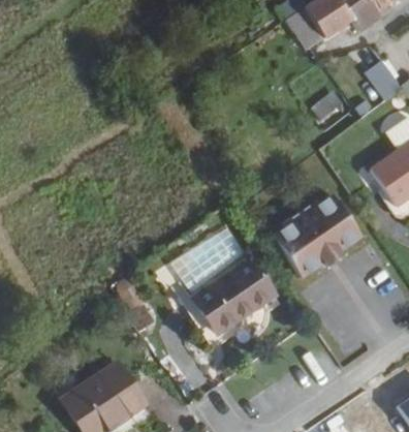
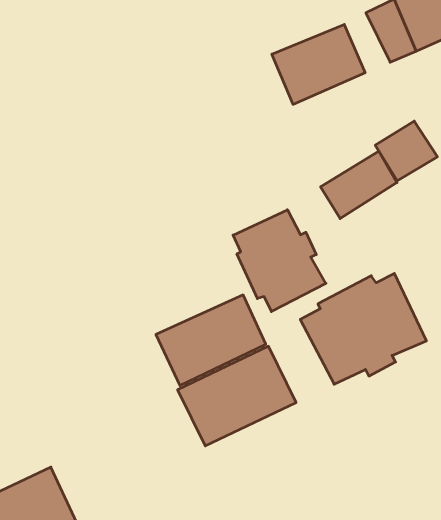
building: none -> [272,24,365,104]
building: none -> [321,151,397,219]
building: none -> [233,210,326,312]

